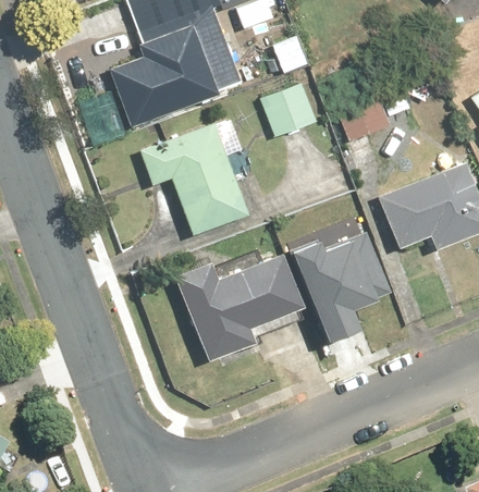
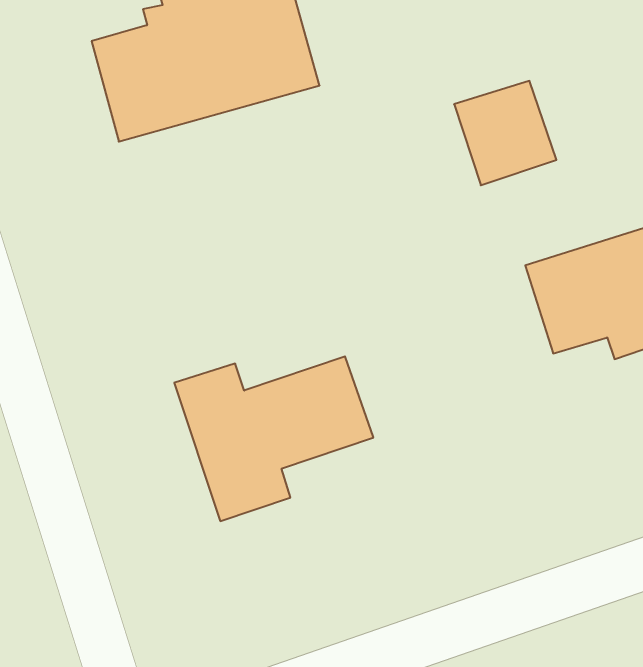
building: [263,84,318,137] -> none
building: [138,126,243,233] -> none
building: [294,229,393,335] -> none

